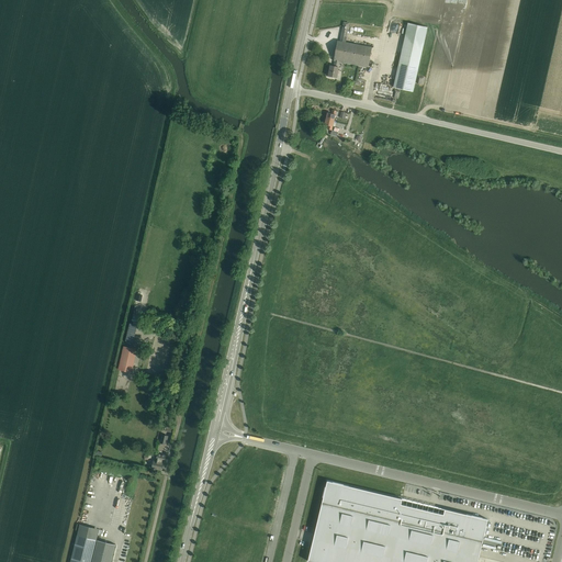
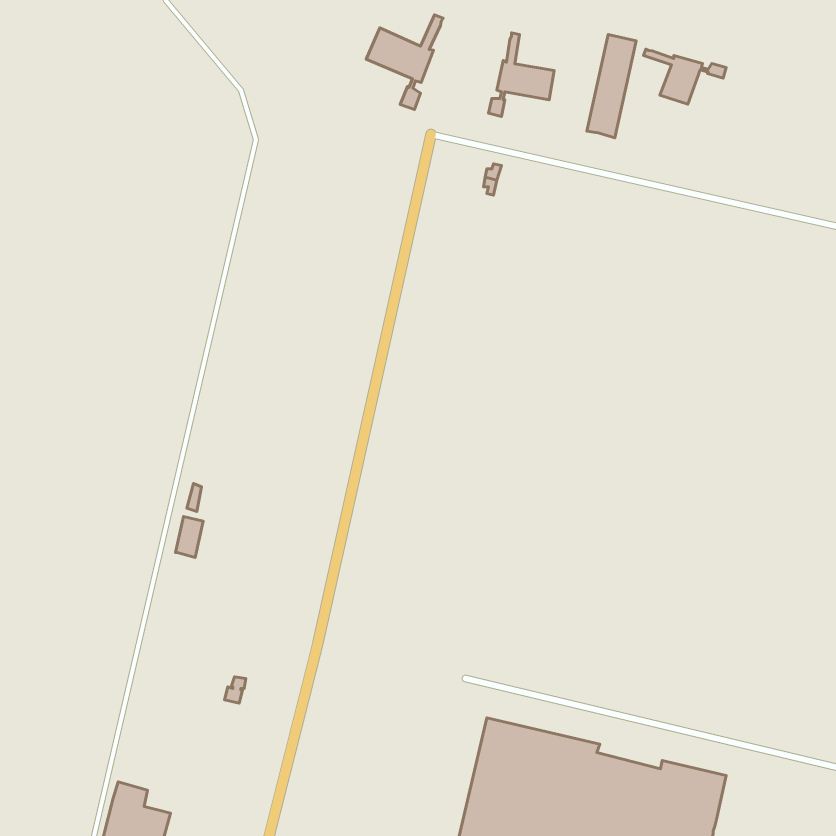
building: none -> [366,15,443,109]
building: none -> [644,49,726,104]

